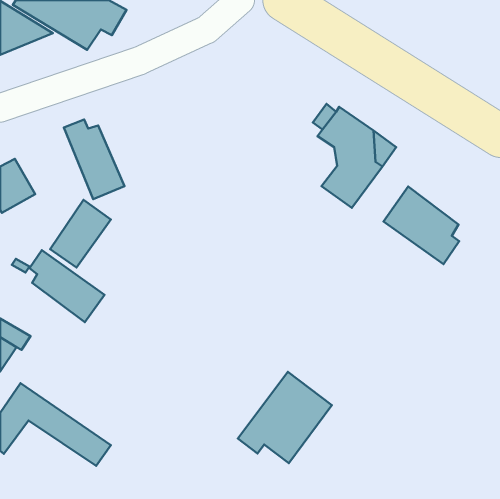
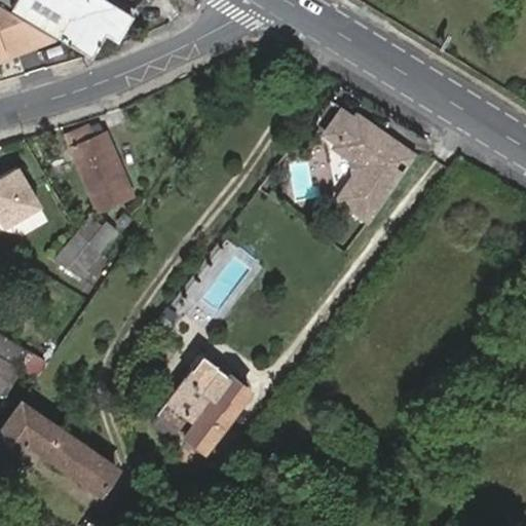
building: [383,187,459,264] -> none
building: [30,250,104,322] -> none
building: [238,372,332,463] -> [151,355,250,451]

